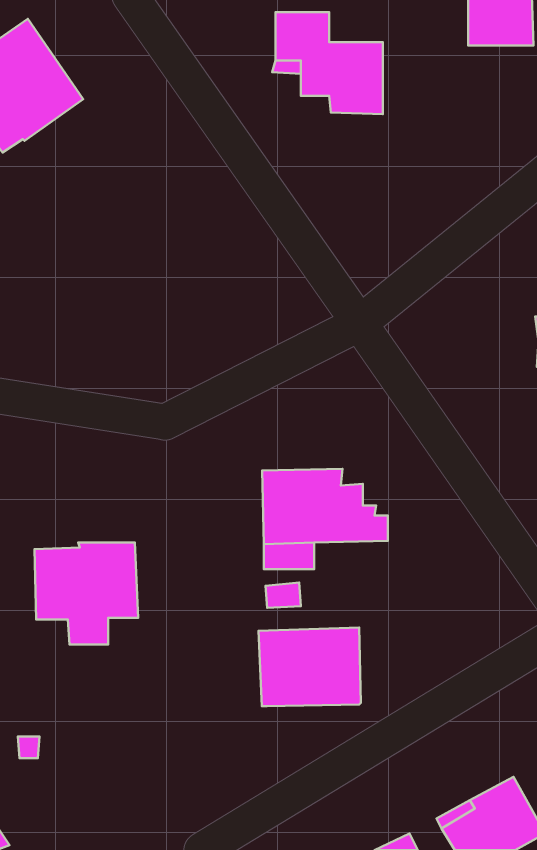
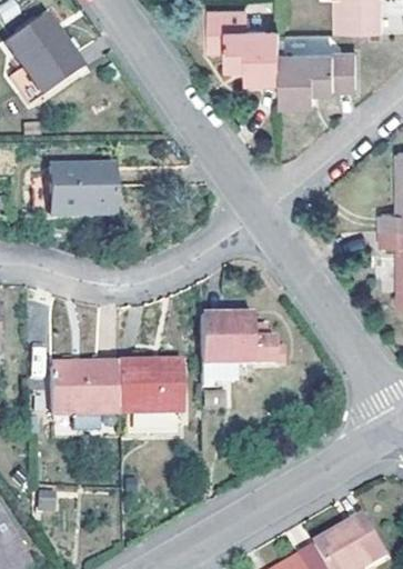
building: none -> [281,51,359,100]
building: none -> [49,164,115,213]
building: [259,628,361,706] -> [117,359,184,411]

